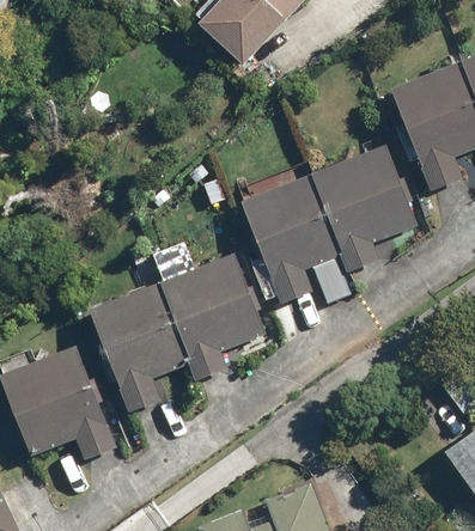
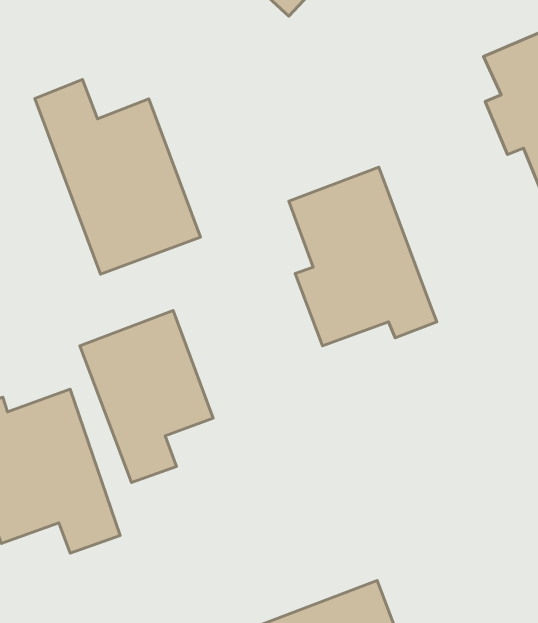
building: none -> [35,80,201,274]
building: [311,145,418,277] -> none
building: [158,250,269,383] -> none

